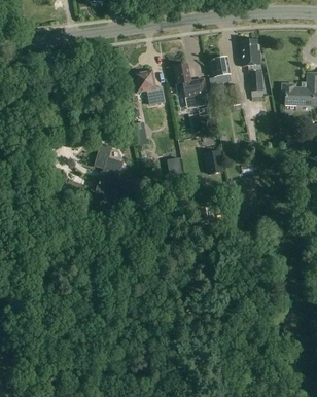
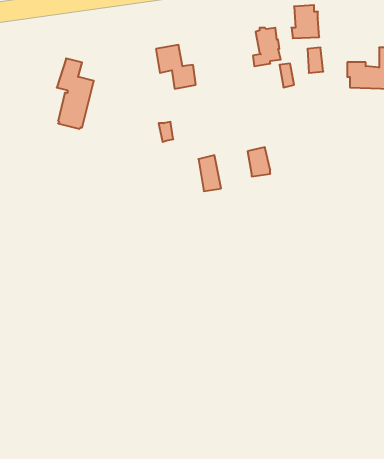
building: [174,63,208,103] -> none
building: [94,143,122,197] -> [57,58,94,129]

